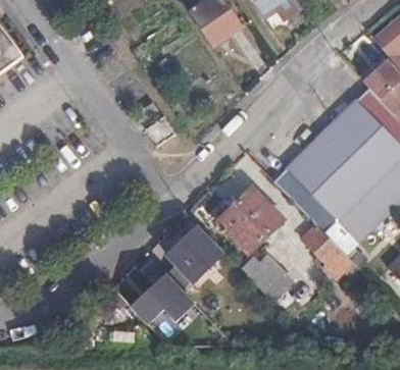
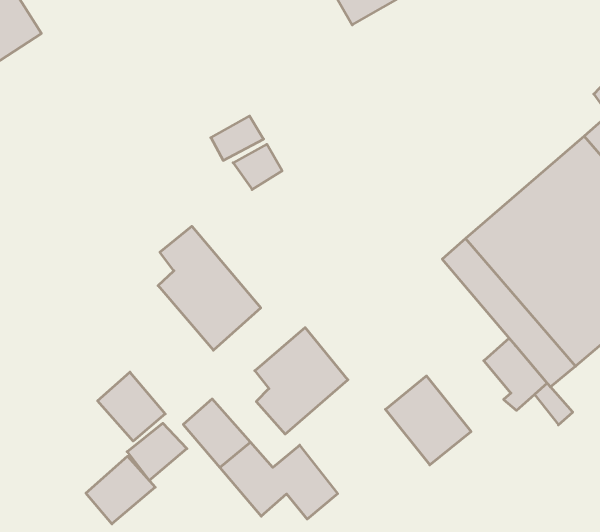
building: none -> [158,226,261,350]
building: [217,187,282,250] -> none
building: none -> [98,372,165,441]
building: none -> [86,456,155,524]

